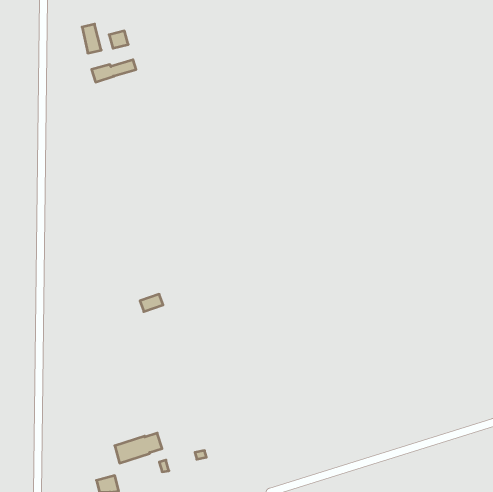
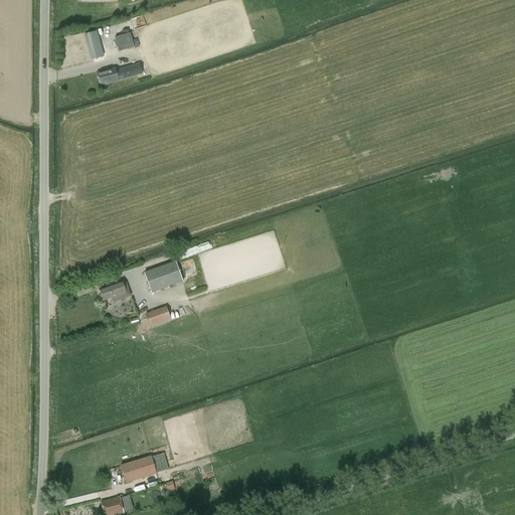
building: none -> [143,261,181,292]
building: none -> [99,281,131,302]

